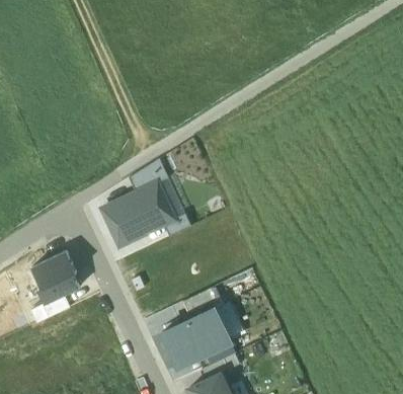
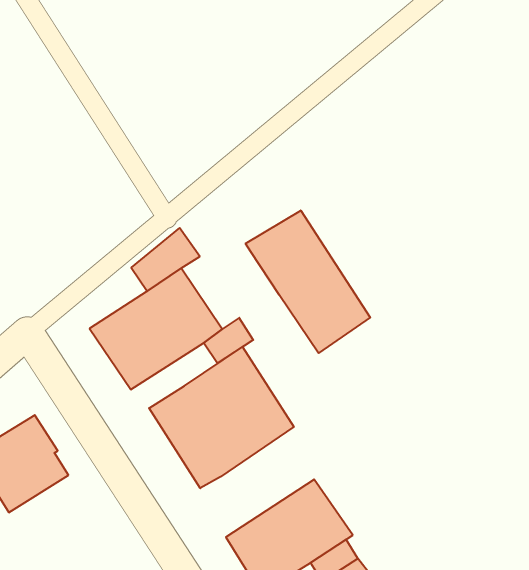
building: none -> [246,210,370,353]
building: none -> [149,347,294,488]

